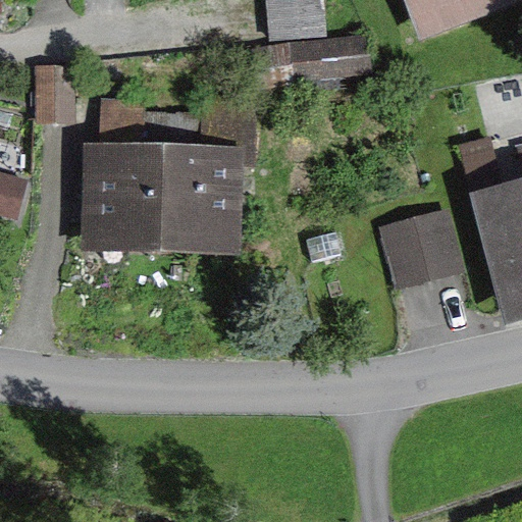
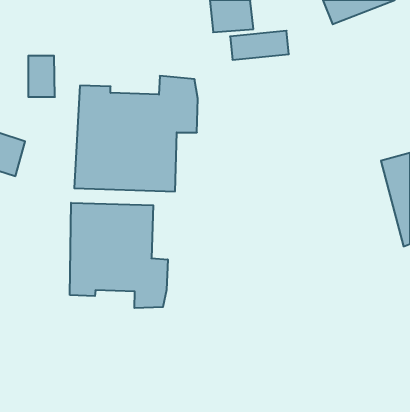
building: [380,214,458,290] -> none
building: none -> [70,203,168,308]

